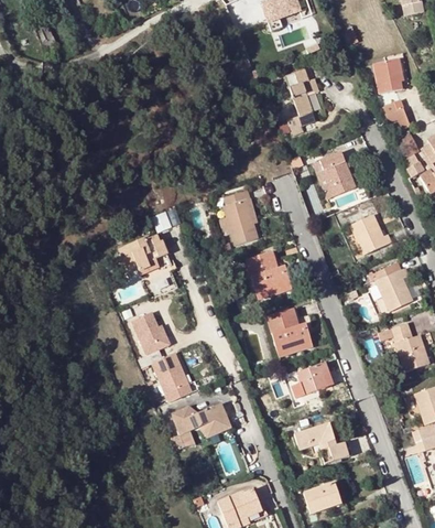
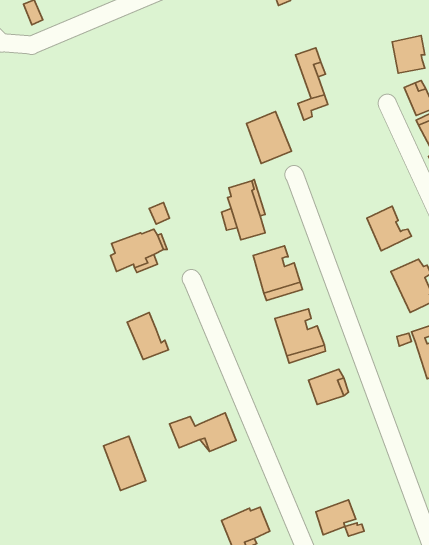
building: [315,151,356,198] -> [247,111,291,163]
building: [153,352,192,401] -> [104,436,146,491]
building: [295,423,352,463] -> none

